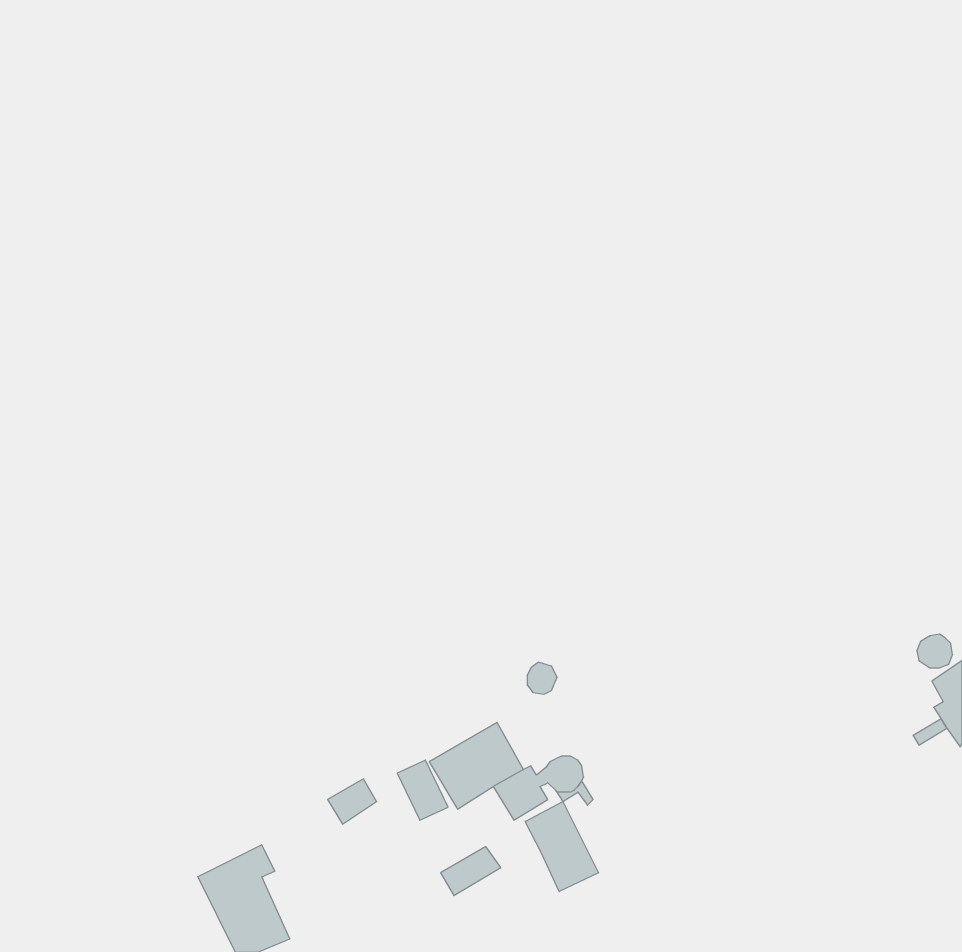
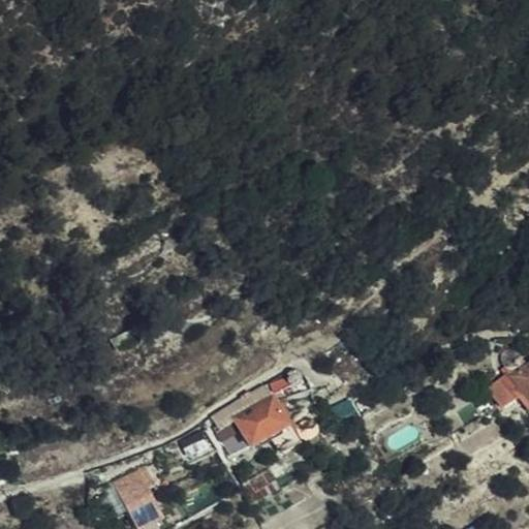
building: [525,801,599,892] -> none

